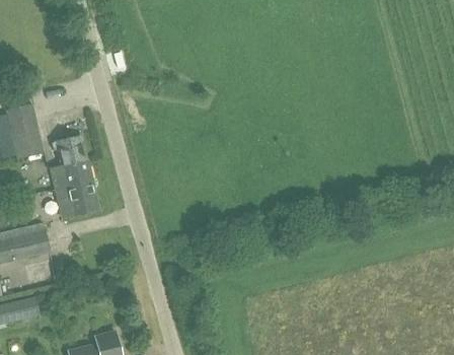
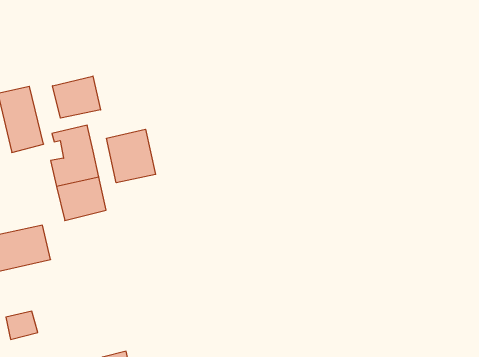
building: none -> [53,76,101,118]
building: none -> [107,129,156,183]

